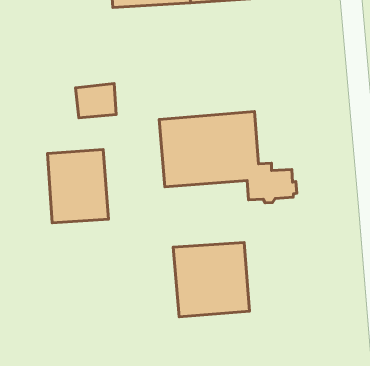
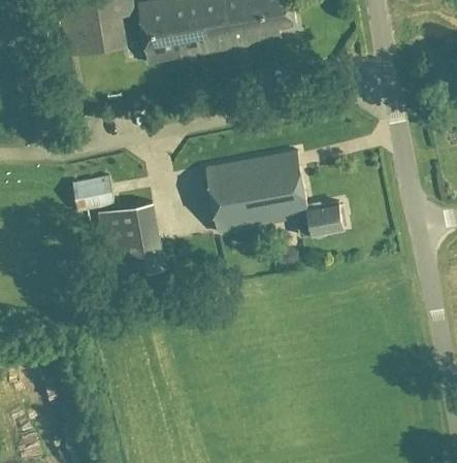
building: [75,83,116,118] -> [71,174,113,211]
building: [173,242,250,317] -> none

